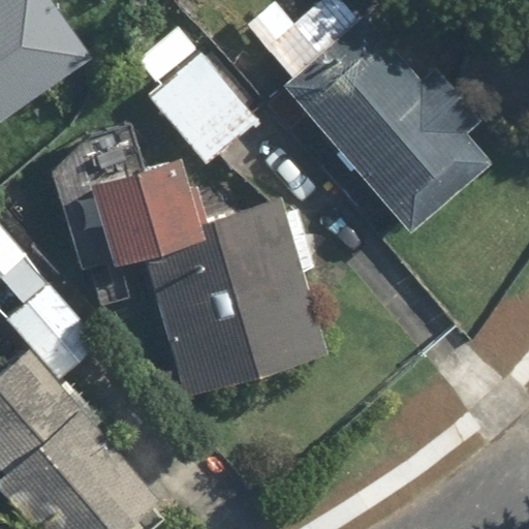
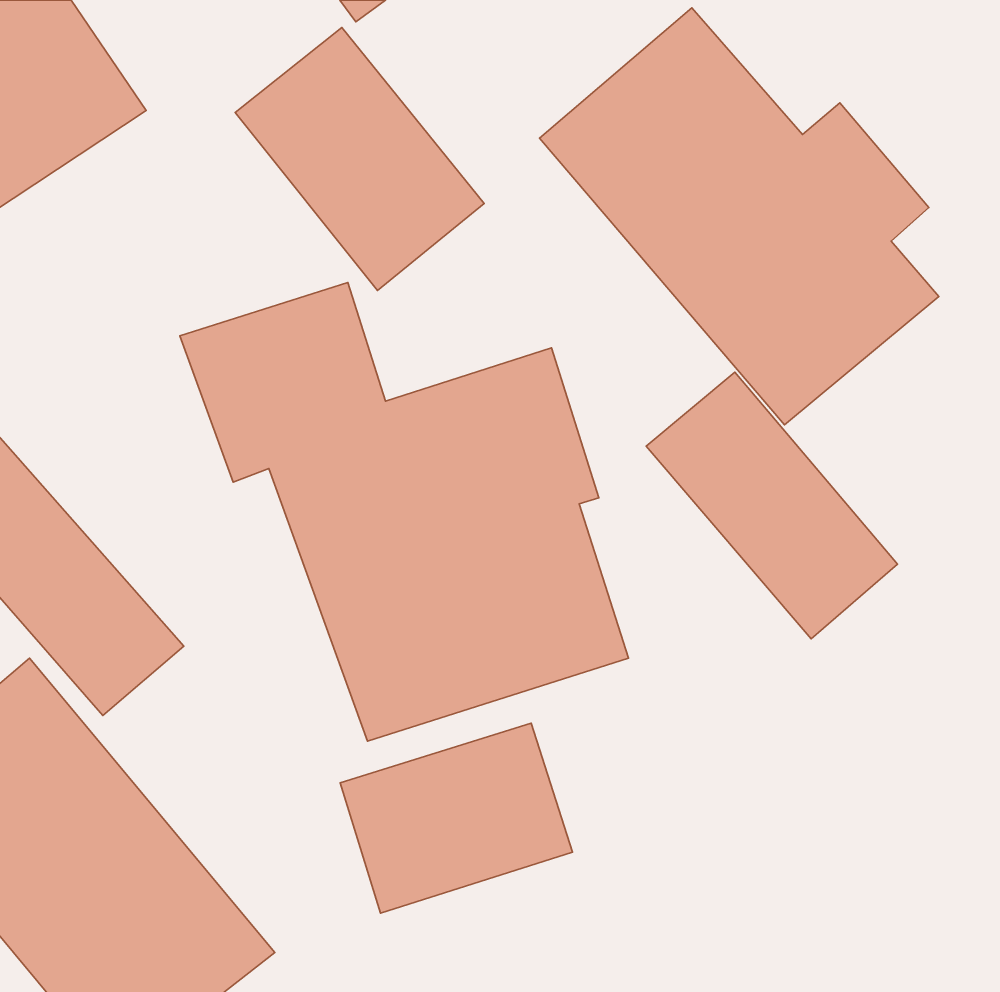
building: none -> [646,372,898,639]
building: none -> [340,723,573,913]

